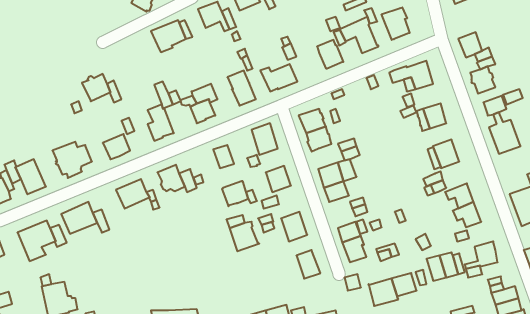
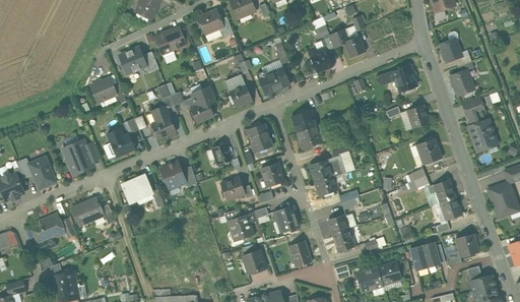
building: [382,7,410,40] -> none
building: none -> [116,46,157,77]
building: none -> [242,249,266,275]

